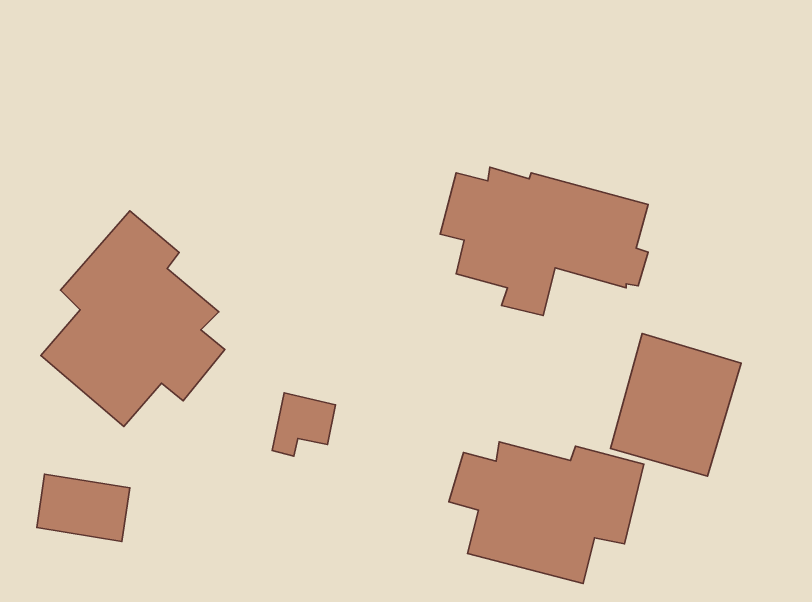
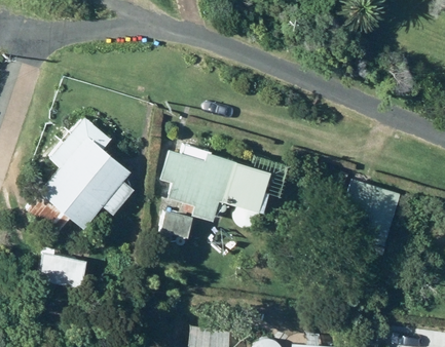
building: [440,167,648,315] -> [159,147,267,224]
building: [449,442,644,583] -> none

